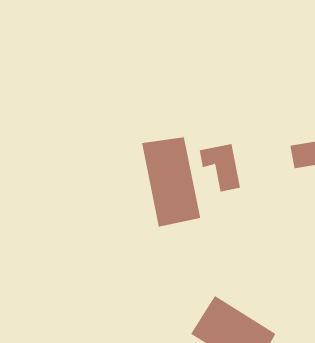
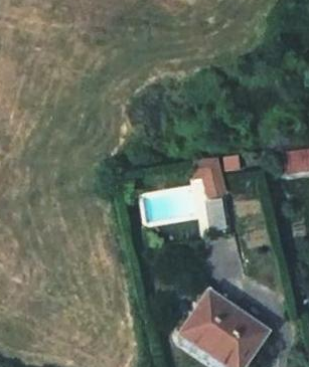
building: [142,136,201,227] -> none

